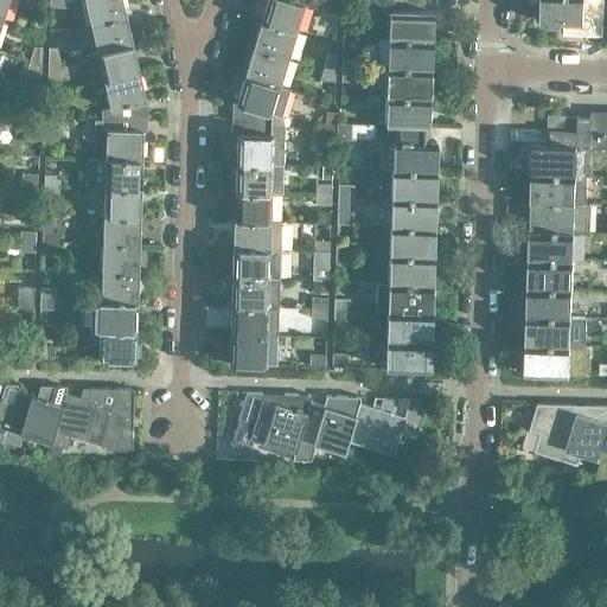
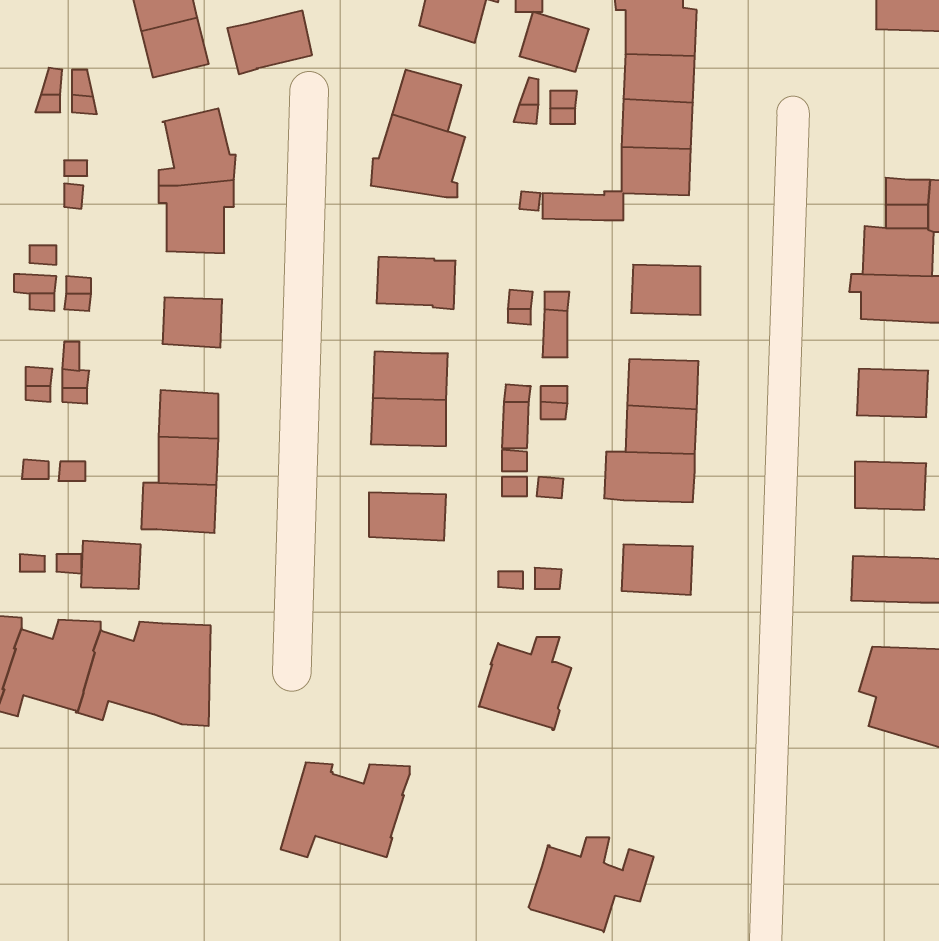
building: [253,23,295,59] -> [519,12,589,72]
building: [85,46,138,85] -> [227,11,312,74]
building: [231,121,285,167] -> none
building: [381,126,435,171] -> none
building: [85,160,141,191] -> none
building: [234,193,269,224] -> none
building: [390,199,434,229] -> none
building: [531,203,575,235] -> none
building: [102,218,139,249] -> none
building: [529,262,573,292] -> none
building: [230,280,279,311] -> none
building: [386,314,429,343] -> none
building: [528,319,571,350] -> none
building: [98,332,135,362] -> [81,541,141,589]
building: [229,337,276,366] -> none
building: [230,395,309,453] -> [281,762,410,857]
building: [346,400,423,458] -> [528,838,654,932]

